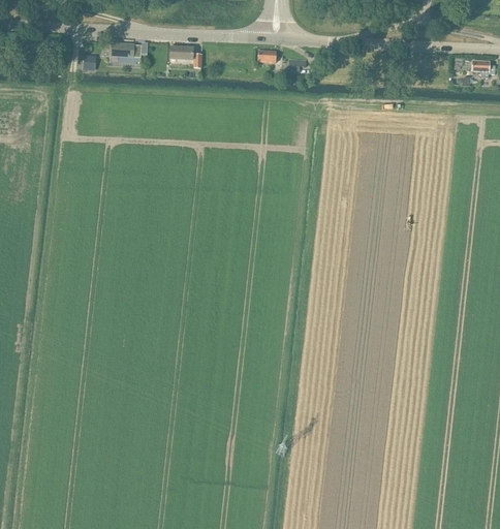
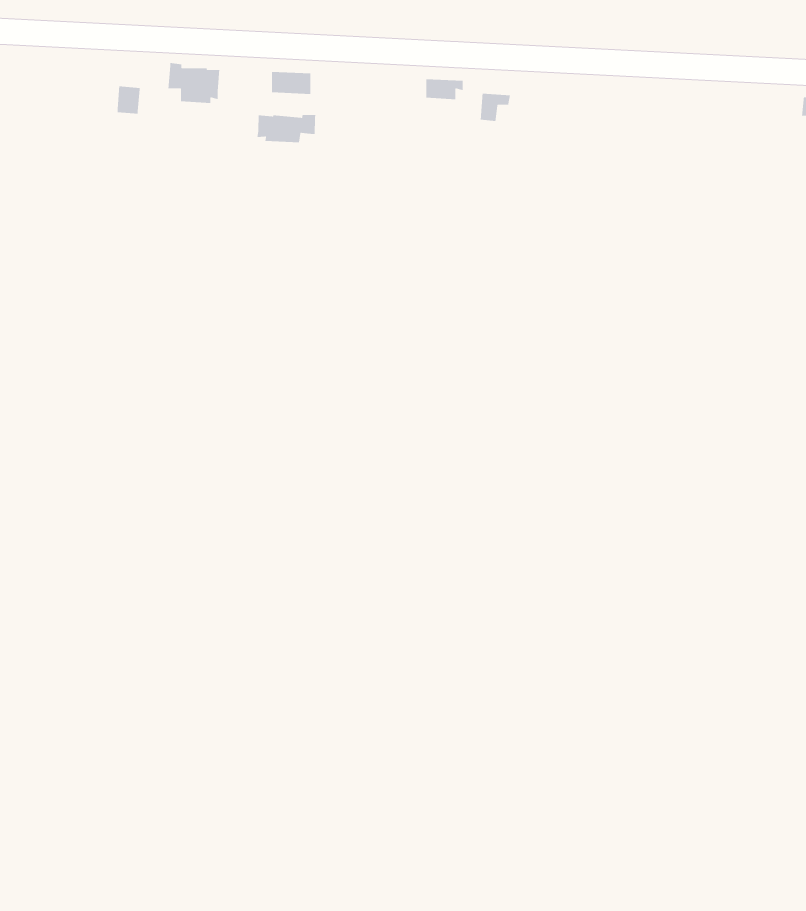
building: none -> [257,114,316,143]

